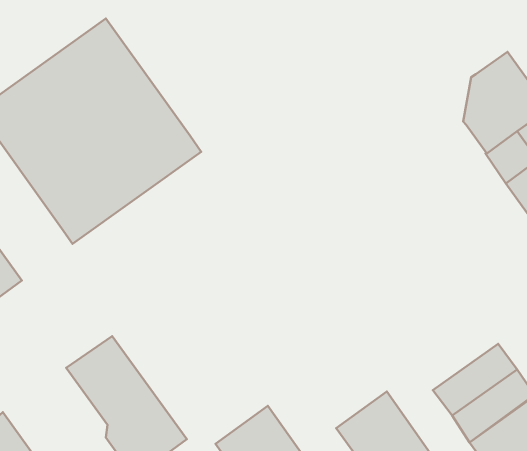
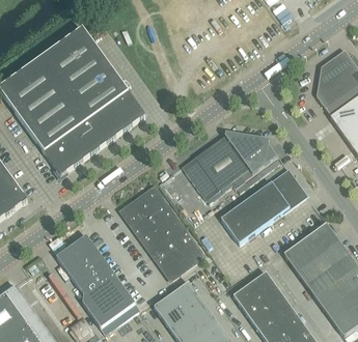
building: none -> [182,131,278,199]
building: none -> [220,169,305,243]
building: none -> [120,184,203,278]
building: none -> [283,222,338,269]

